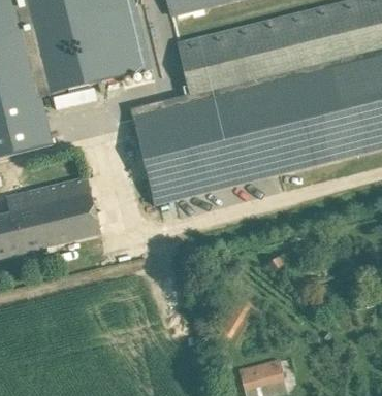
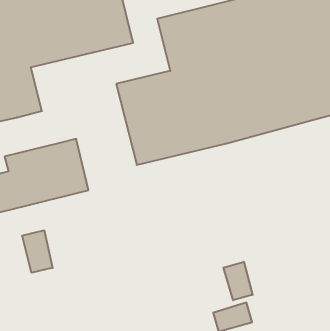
building: none -> [22,230,53,273]
building: none -> [224,262,253,300]

